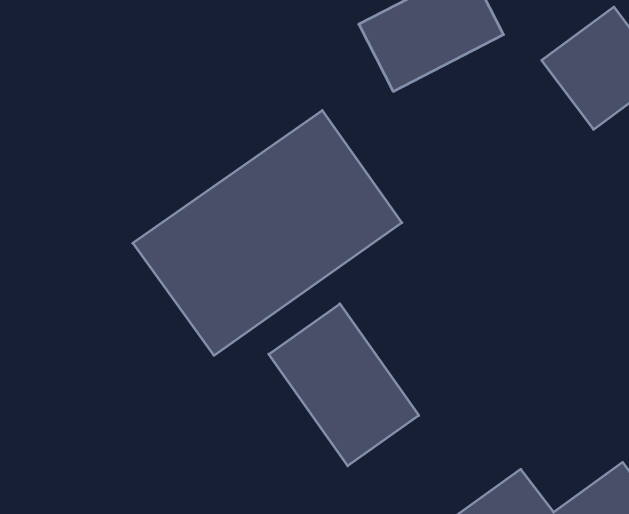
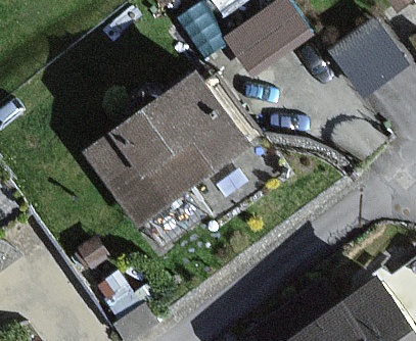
building: [269,304,419,466] -> none

